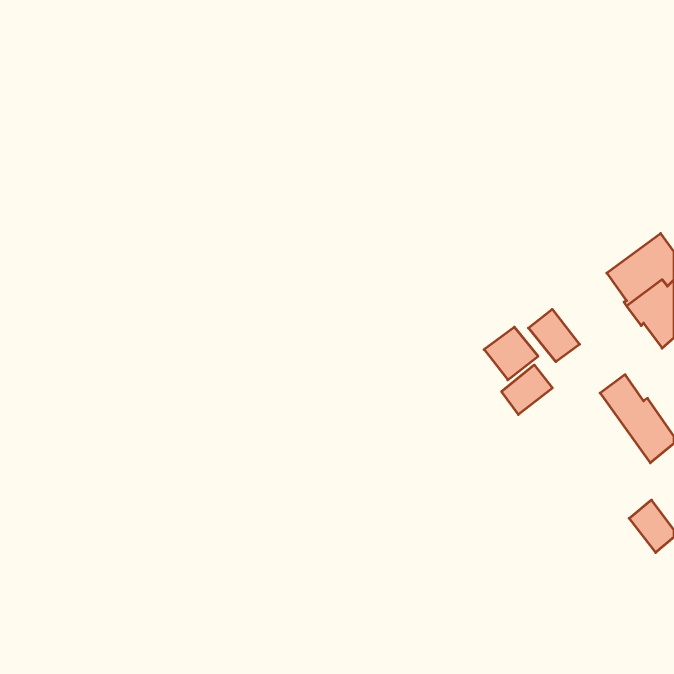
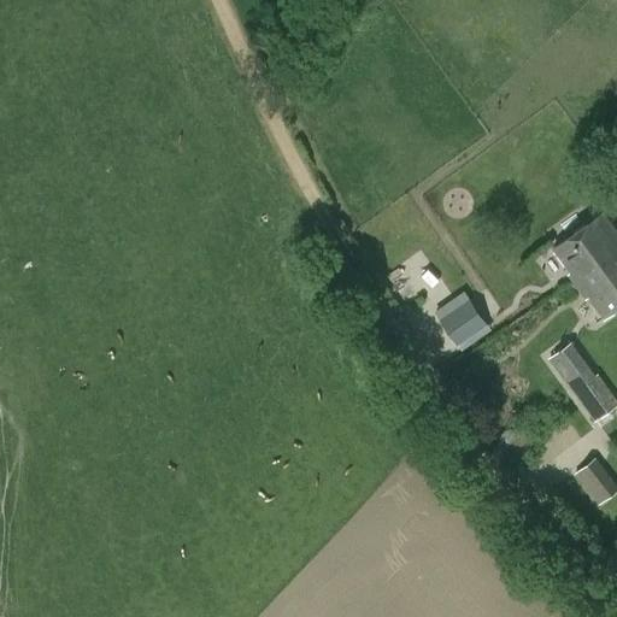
building: [528,309,580,362] -> none
building: [502,365,552,415] -> none

